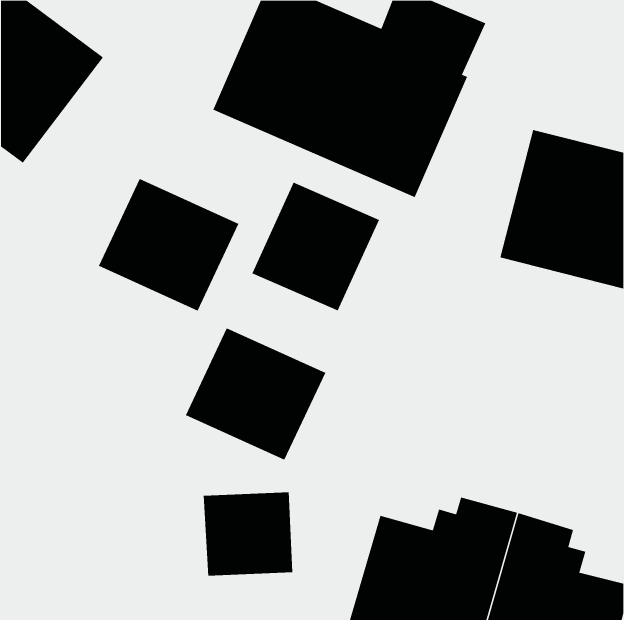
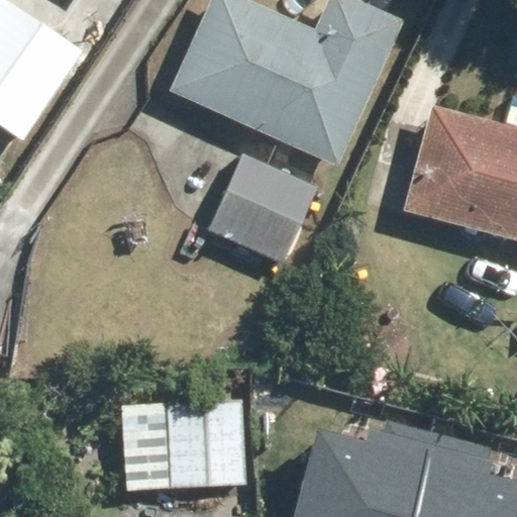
building: [98,178,239,311] -> none
building: [185,327,326,461] -> none

